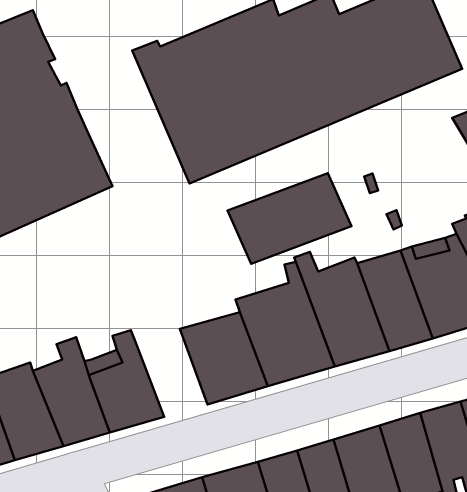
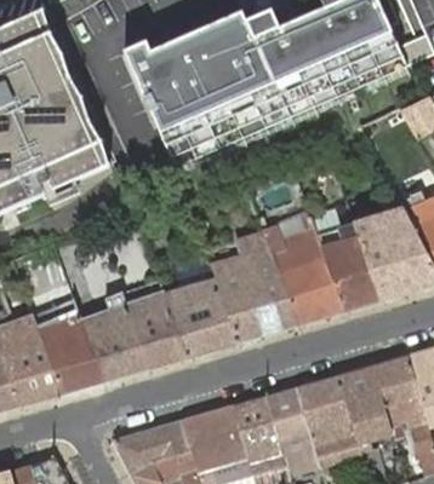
building: [228,173,351,264] -> none
building: none -> [121,283,188,368]

